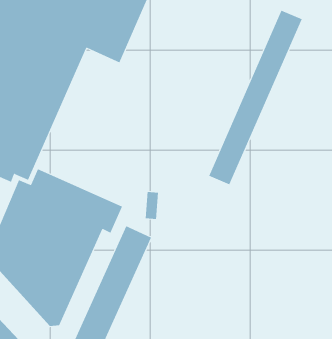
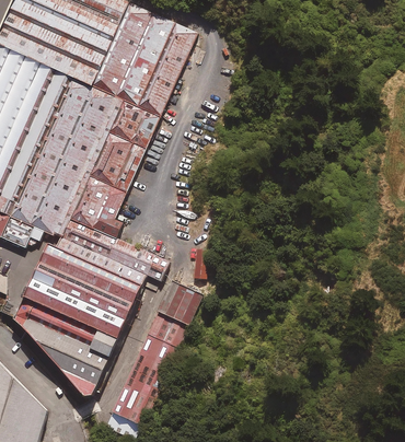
building: [208,10,302,185] -> none
building: none -> [76,100,161,239]

